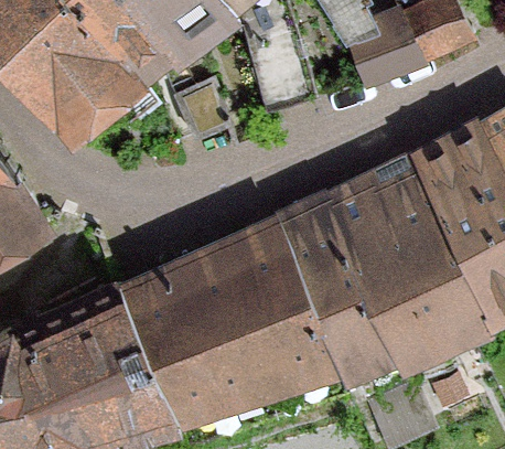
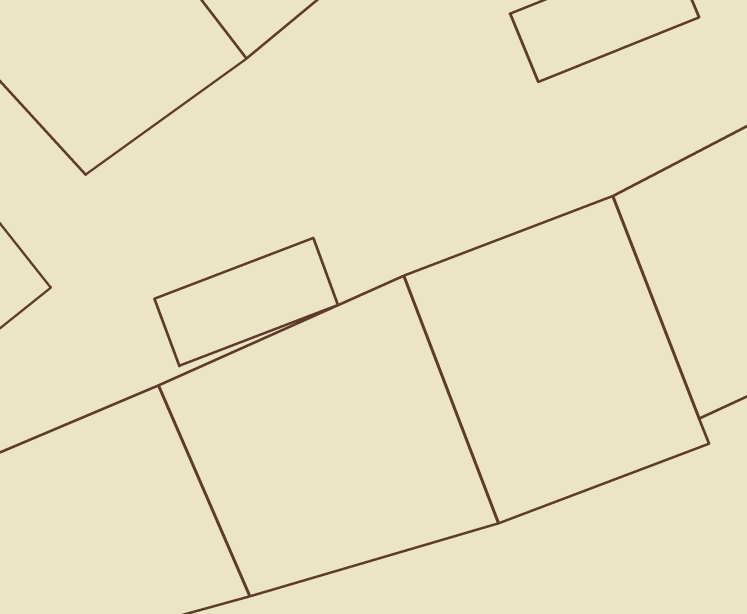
building: none -> [155,238,338,366]

